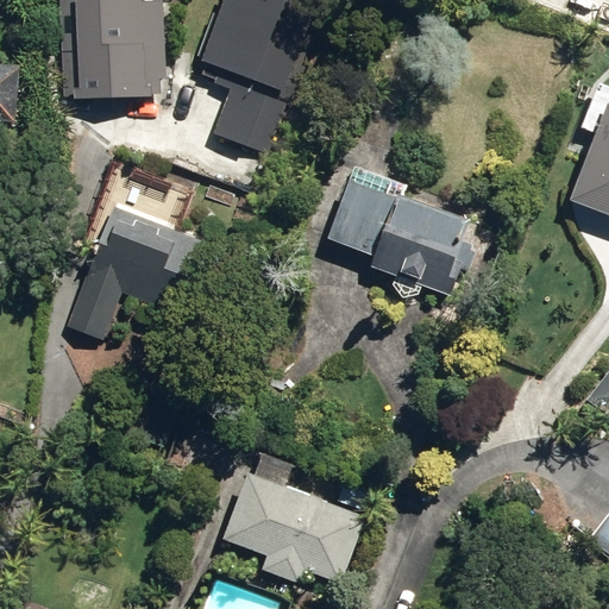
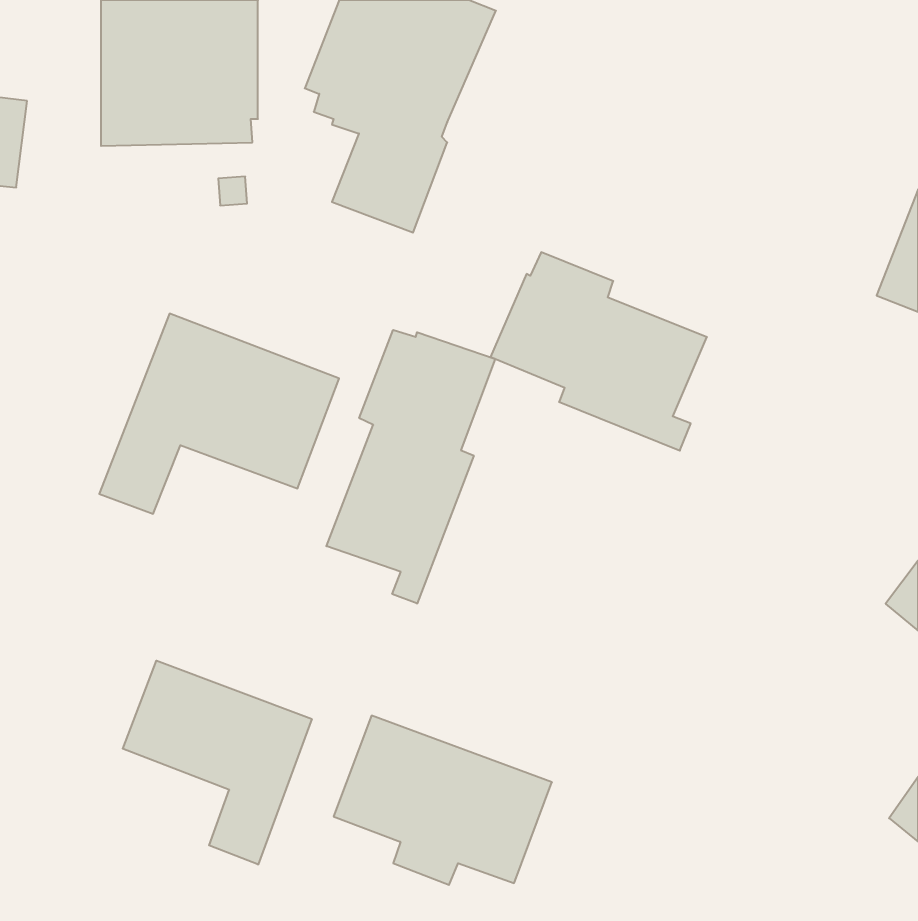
building: none -> [326,330,495,604]
building: none -> [123,661,312,865]

